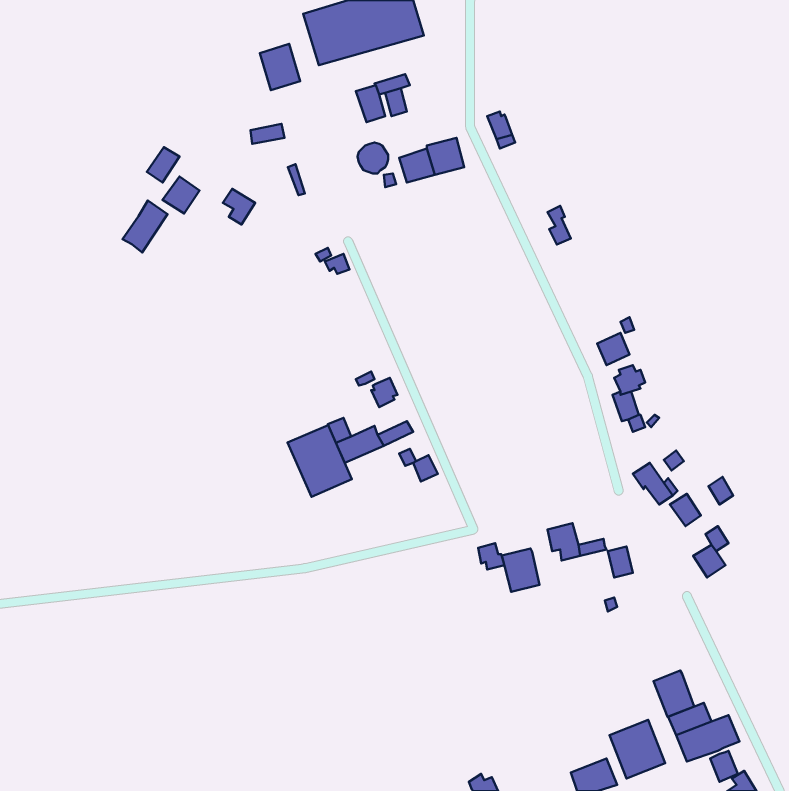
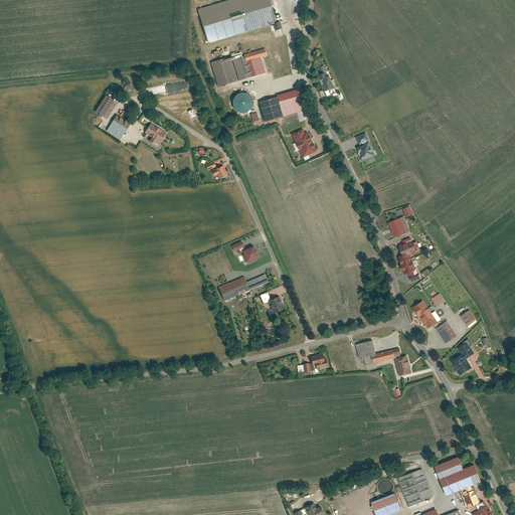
building: [260,44,300,90] -> [210,56,236,87]
building: none -> [291,129,316,157]
building: [122,201,168,253] -> none
building: [288,425,352,497] -> none
building: [502,548,539,592] -> none
building: [654,671,694,717] -> none

